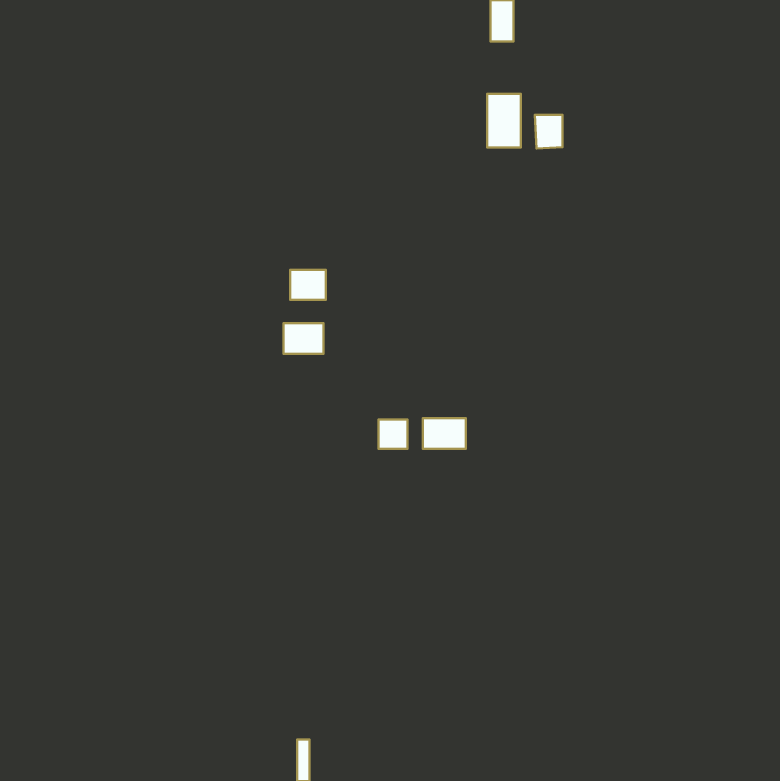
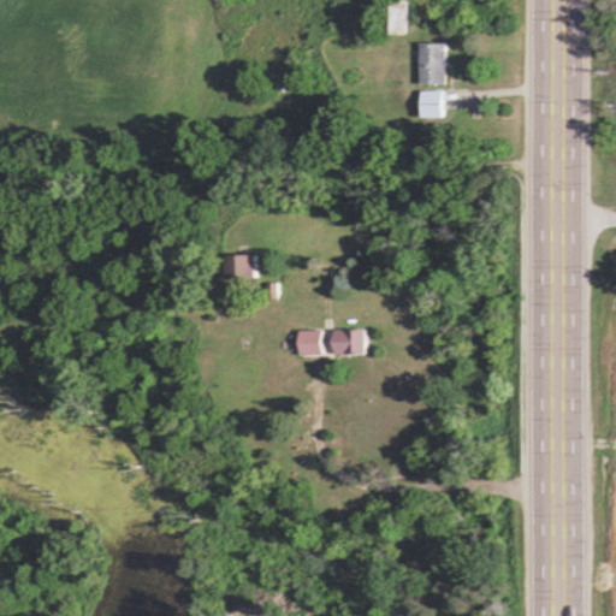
building: [487,94,521,148] -> [419,42,445,84]
building: [290,270,326,300] -> none

